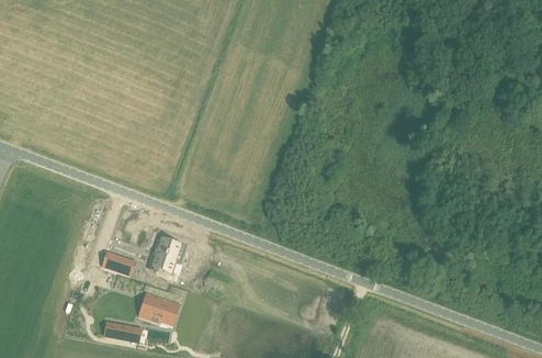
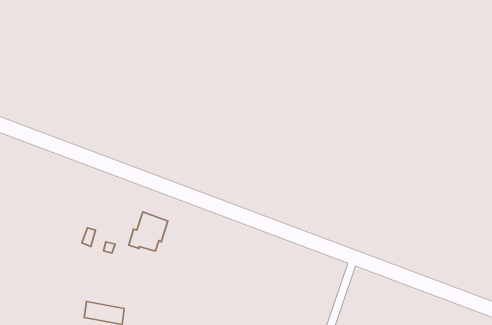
building: [138,292,181,326] -> none

